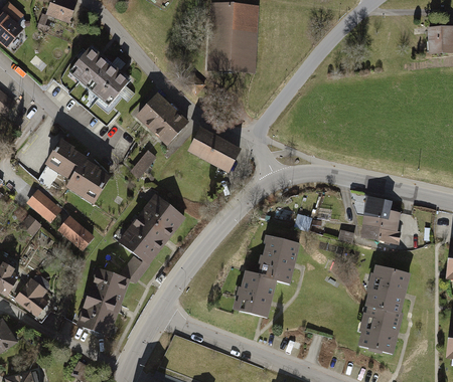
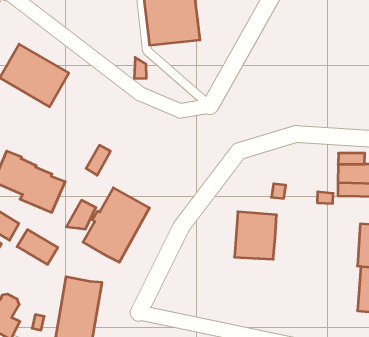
building: [133,93,188,149] -> none
building: [188,126,240,168] -> none
building: [118,252,148,279] -> [66,200,96,229]
building: [234,271,277,316] -> none

